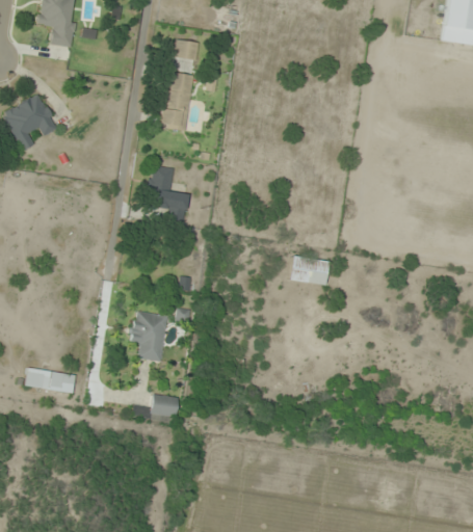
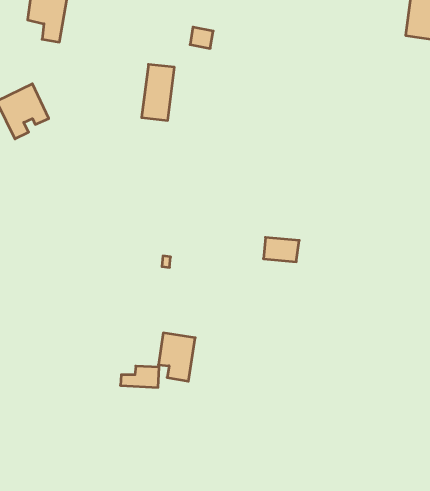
building: [174,38,199,61] -> [190,27,213,48]
building: [148,165,187,224] -> none
building: [128,311,167,363] -> [158,333,195,381]
building: [24,368,75,393] -> none

